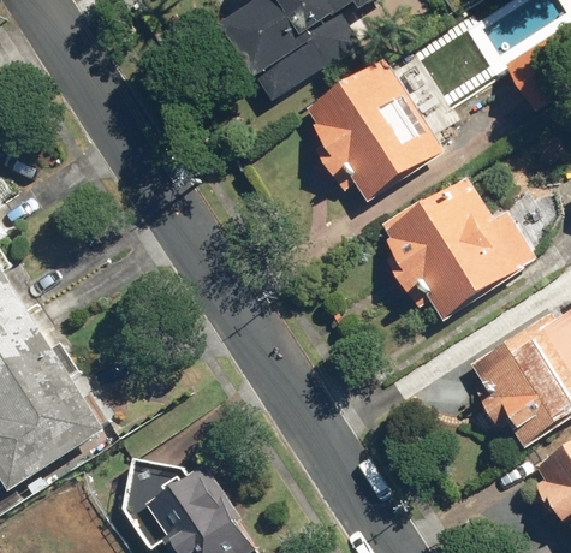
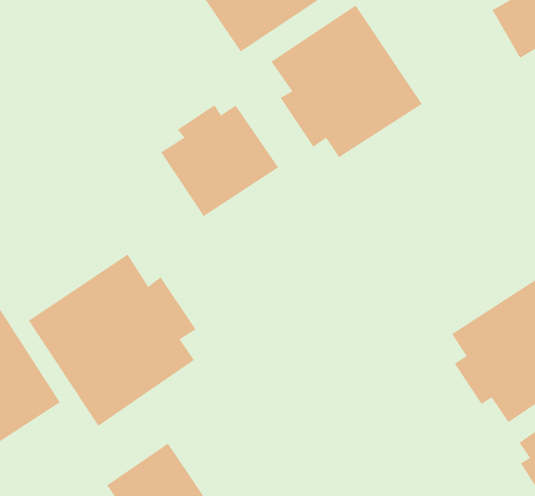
building: none -> [160,104,279,217]
building: [379,174,535,317] -> none
building: none -> [28,253,197,427]

